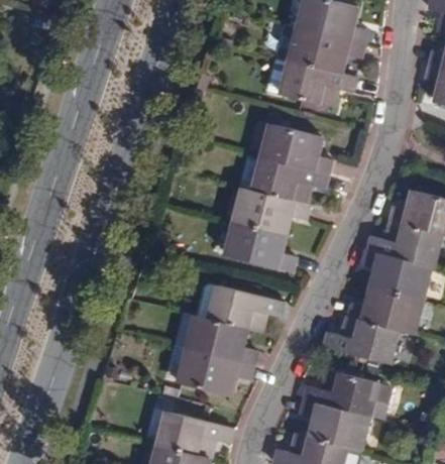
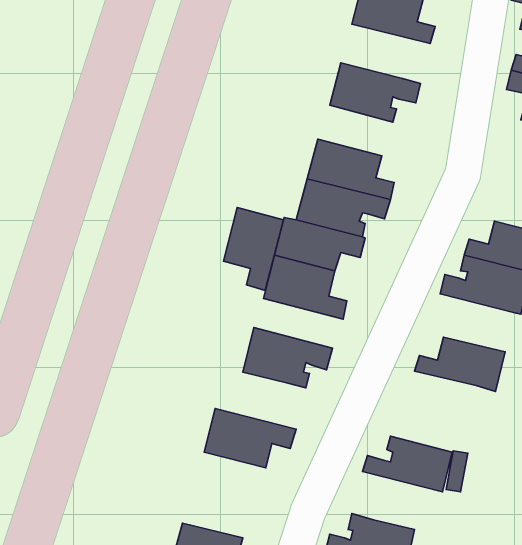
building: [288,27,362,73] -> none
building: none -> [223,208,283,291]
building: [362,251,434,301] -> none
building: [183,314,253,365] -> none
building: [325,317,401,365] -> none
building: [302,400,372,453] -> none
building: [155,408,230,457] -> none

